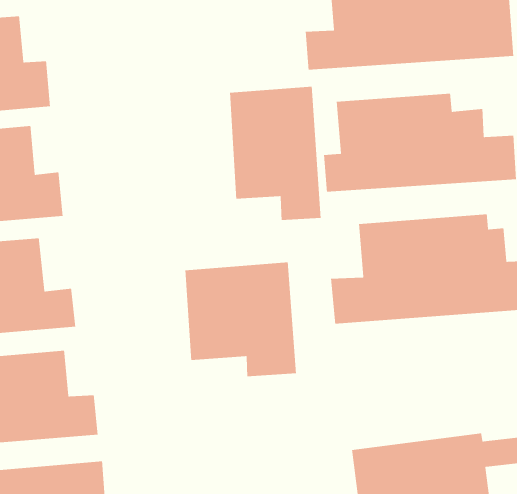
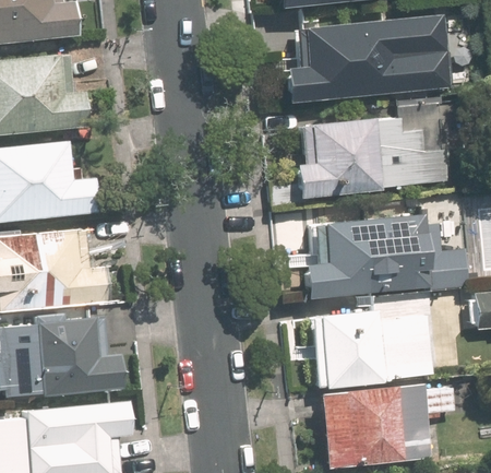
building: [229,86,321,221] -> none
building: [184,261,297,377] -> none
building: none -> [316,310,430,389]

